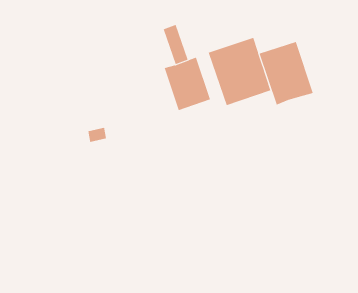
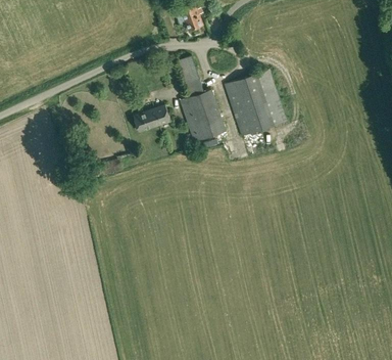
building: [259,41,313,106] -> none
building: none -> [133,105,171,133]

